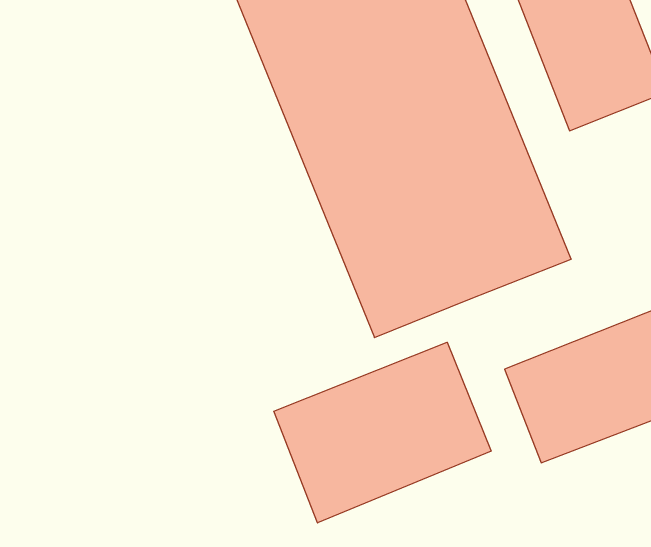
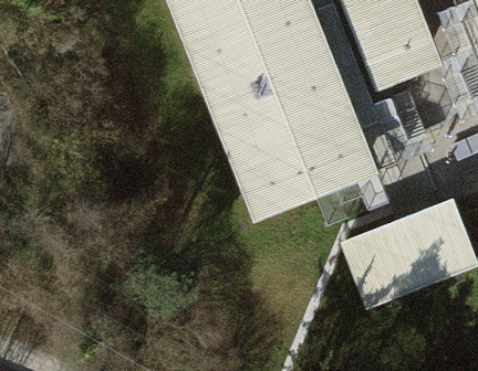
building: [274,342,491,523] -> none

